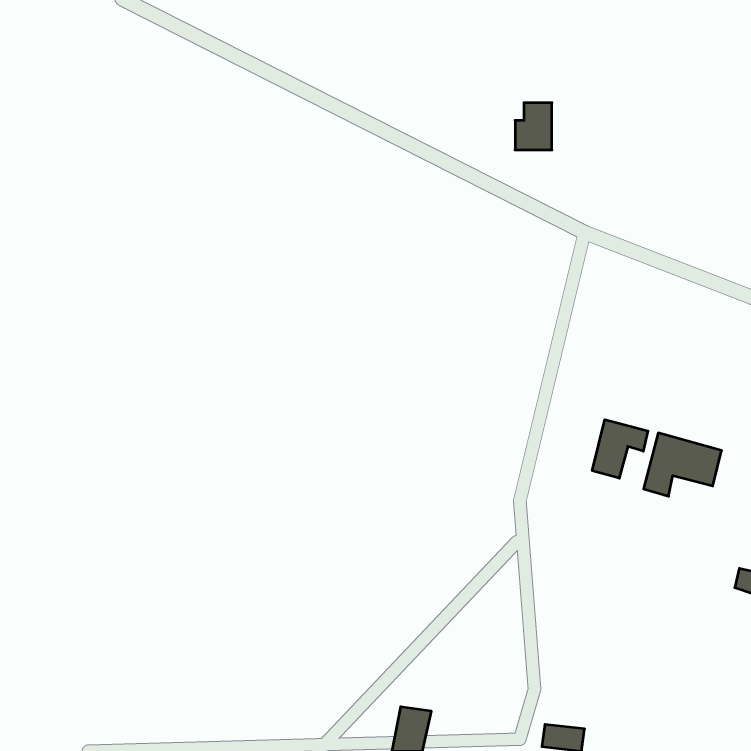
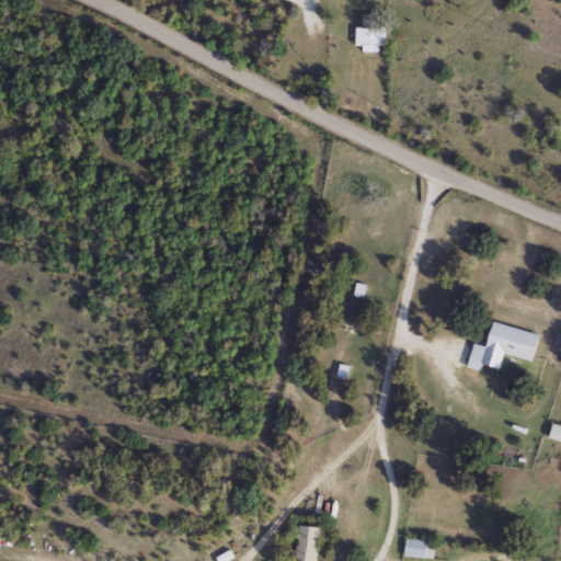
building: [515,103,552,150] -> [355,13,382,48]
building: [592,420,648,478] -> none

